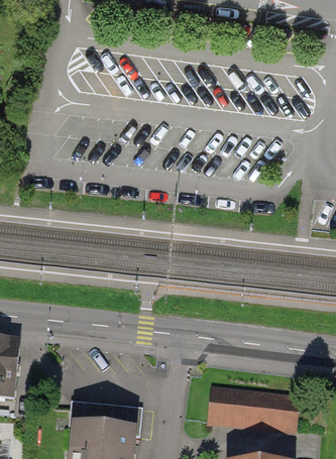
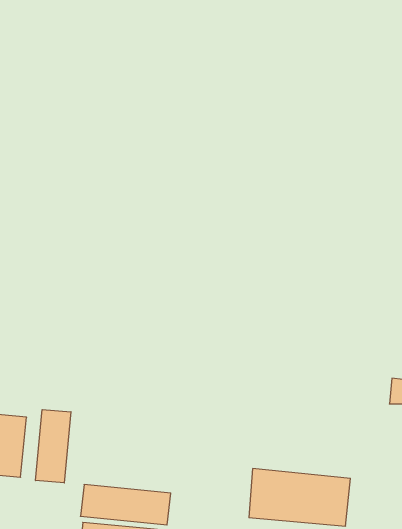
building: none -> [36,410,71,483]

